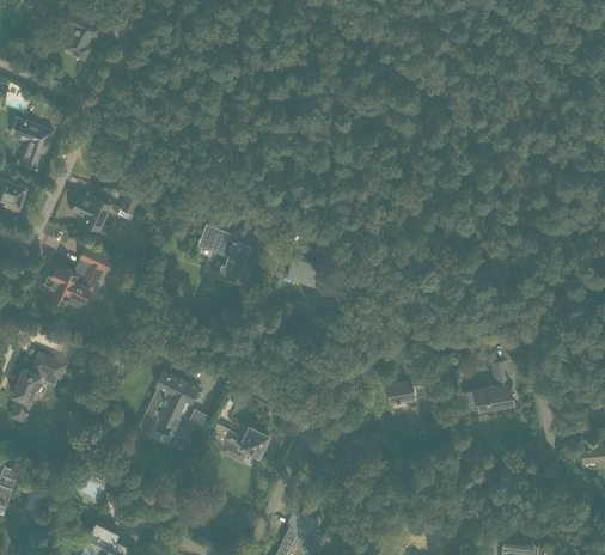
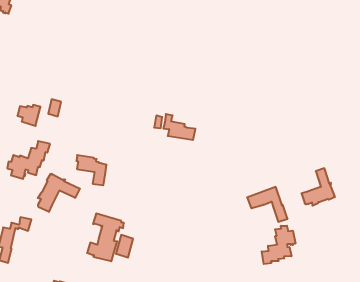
building: [202,225,246,275] -> [76,155,107,185]
building: none -> [38,174,80,212]
building: [222,426,268,458] -> none
building: none -> [262,226,295,264]

